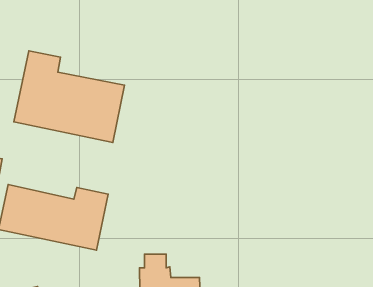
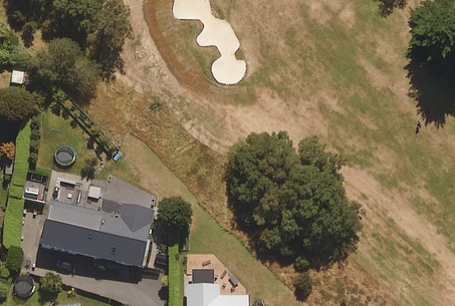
building: [14,51,125,142] -> none

